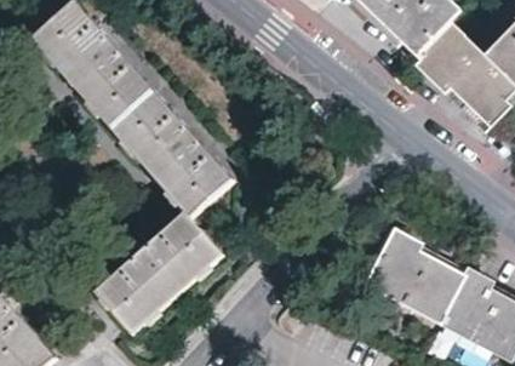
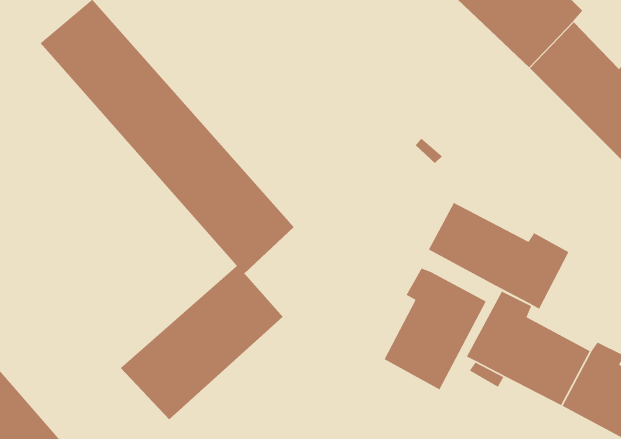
building: none -> [428,202,570,310]
building: none -> [384,267,487,390]

